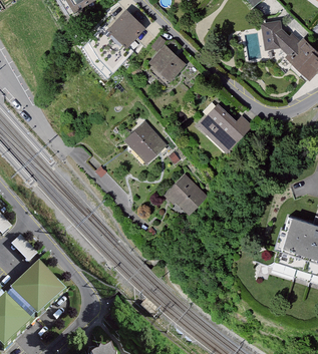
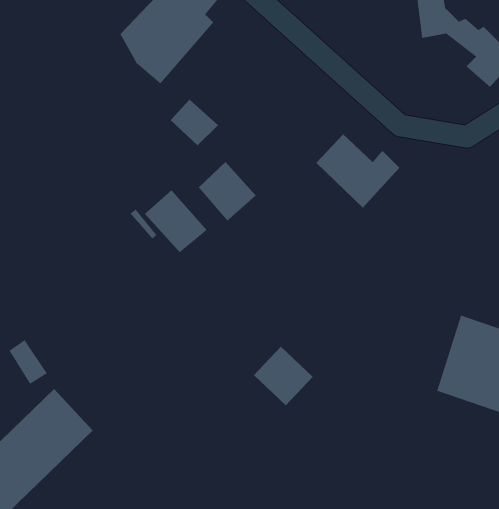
building: [152,45,183,74] -> [170,99,219,146]
building: none -> [144,189,207,253]
building: [168,176,205,214] -> [253,346,314,406]

